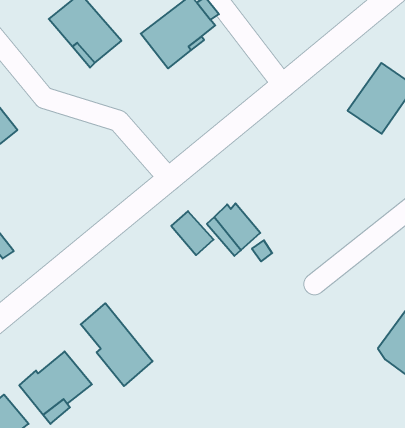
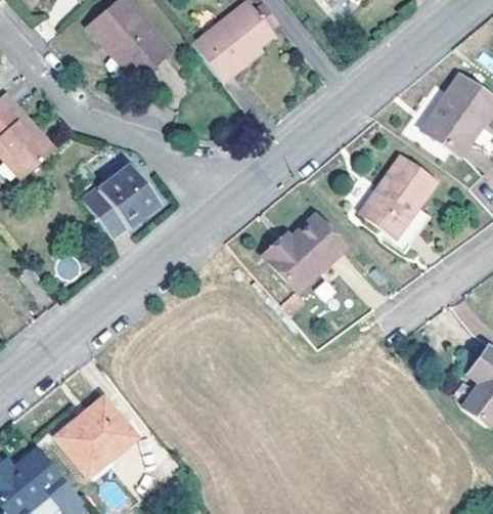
building: none -> [359,156,435,251]
building: none -> [87,164,160,233]
building: [171,211,214,255] -> [297,216,344,265]
building: [81,303,153,386] -> none

